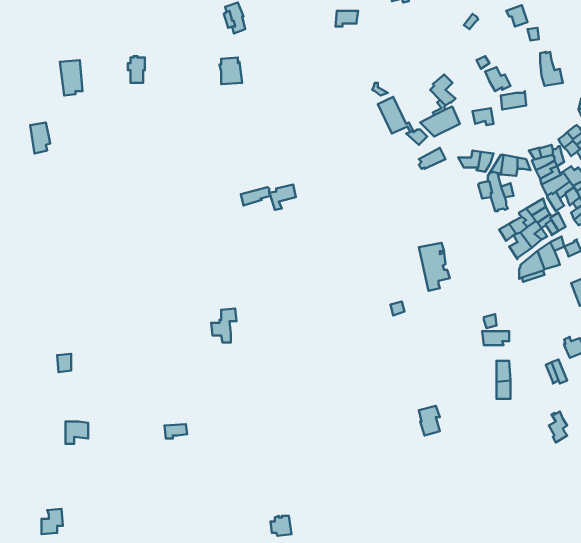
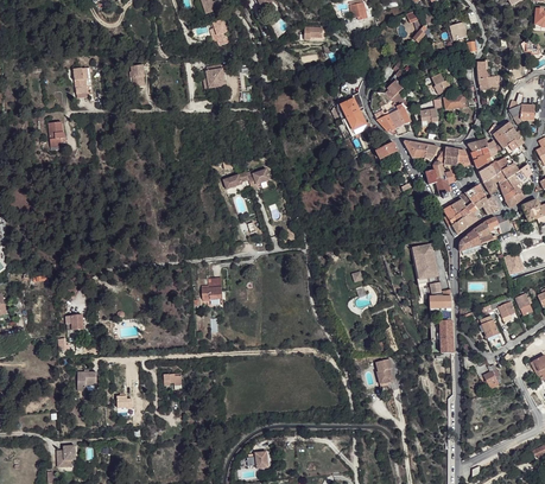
building: [419,243,450,291] -> [412,243,438,284]

